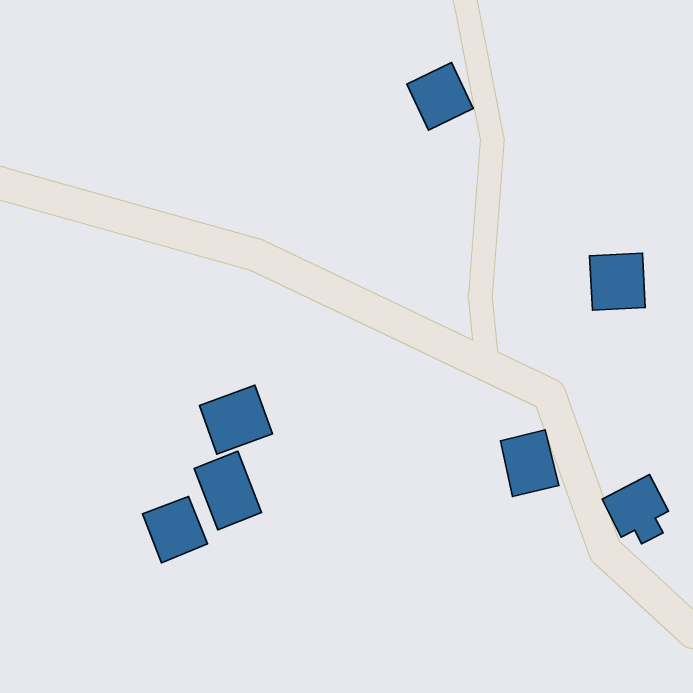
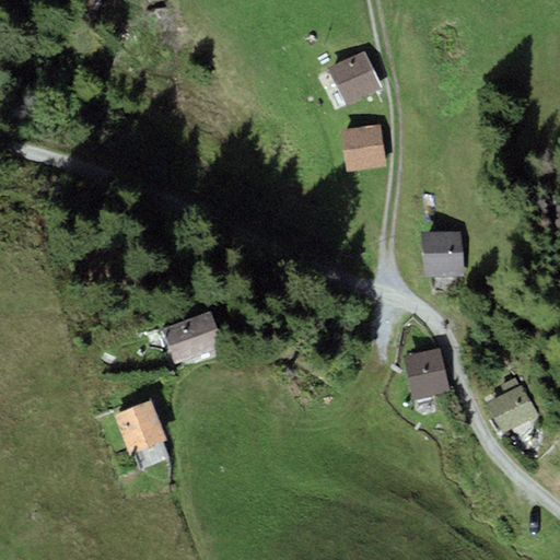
building: none -> [341,126,385,172]
building: [590,253,645,310] -> [420,230,465,276]
building: [194,451,262,530] -> none

